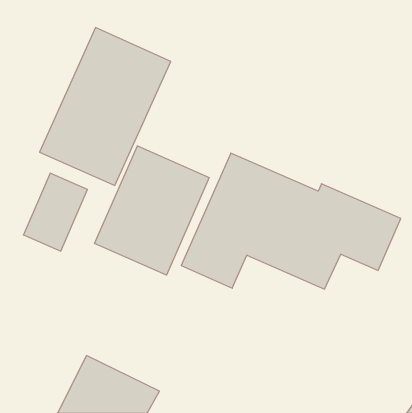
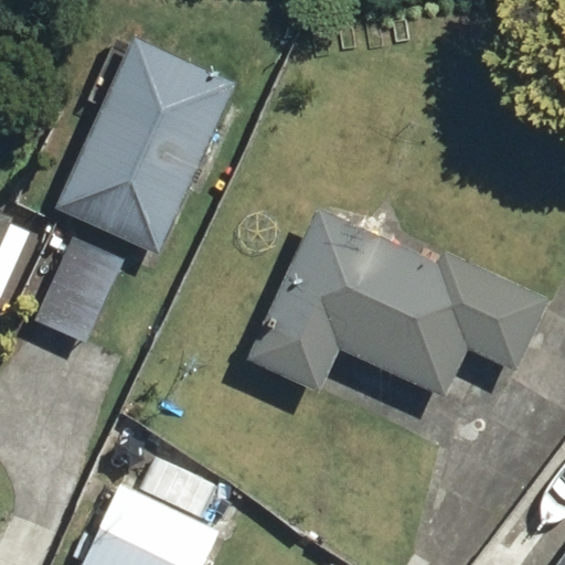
building: [95,146,209,275] -> none

